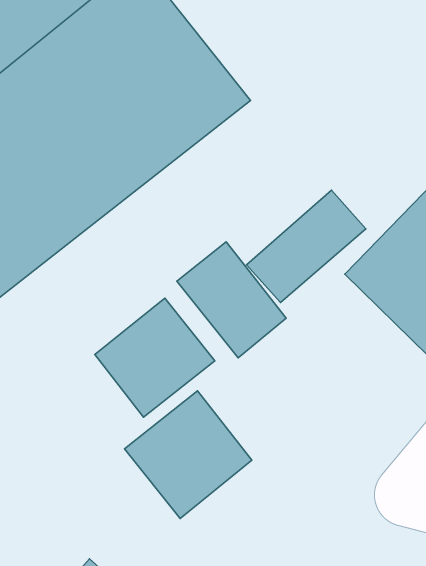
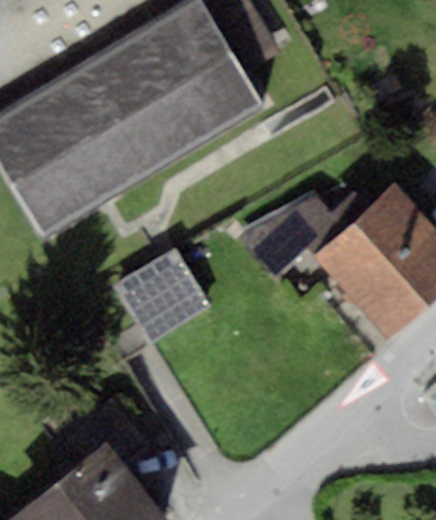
building: [177,242,286,358] -> none
building: [125,391,252,518] -> none

